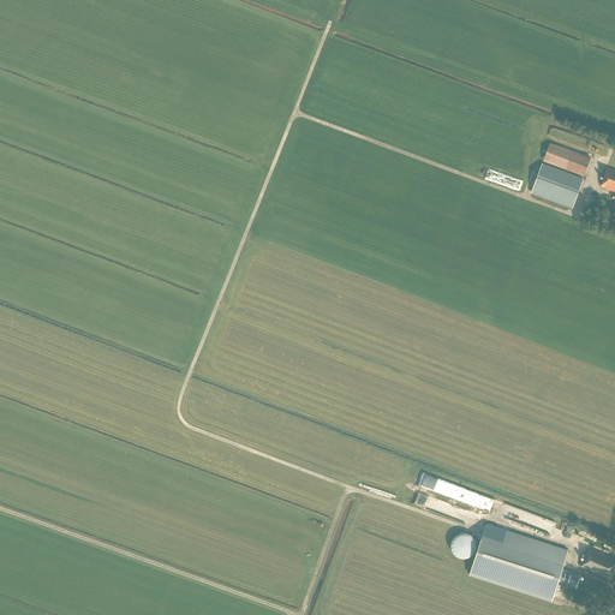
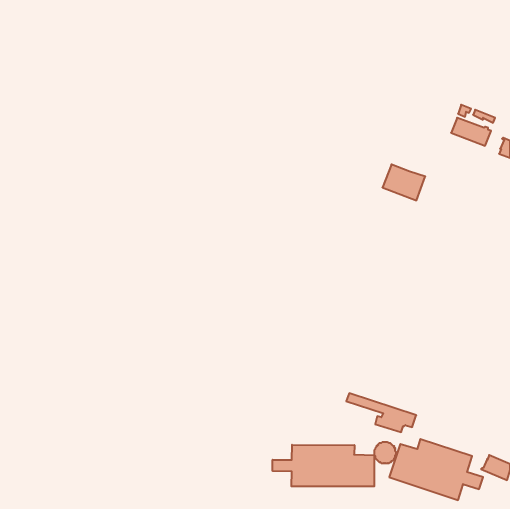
building: [531,163,583,207] -> [382,164,425,200]
building: none -> [273,445,374,486]

